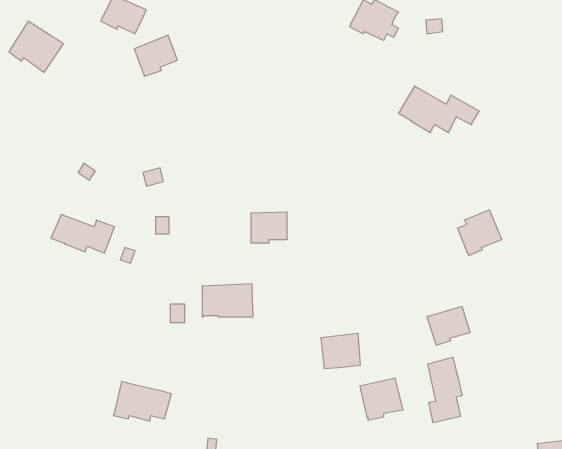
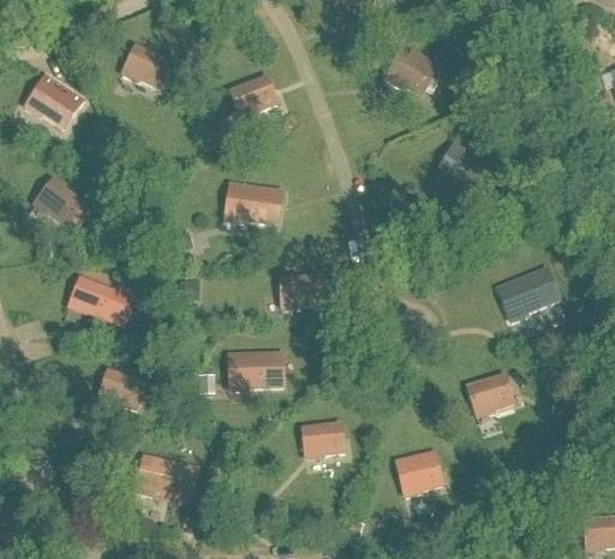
building: [134,35,177,76] -> [231,76,276,119]
building: none -> [36,179,84,225]
building: none -> [223,188,281,227]
building: none -> [100,369,144,408]
building: [321,333,360,369] -> [301,417,344,454]
building: [428,357,462,423] -> none

